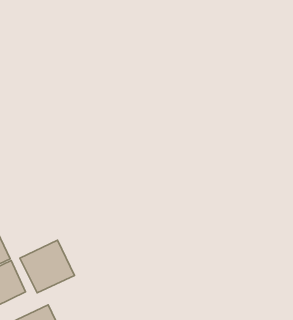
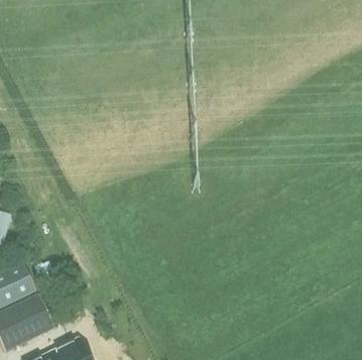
building: [20,240,74,293] -> none

